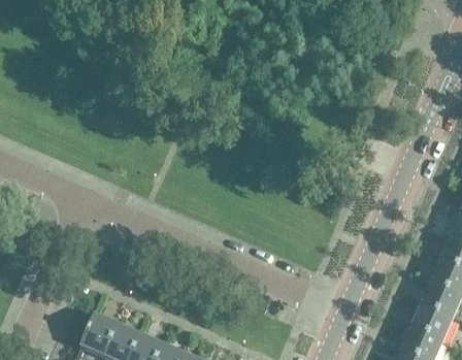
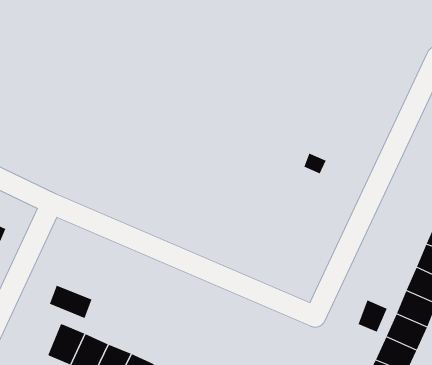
building: none -> [49,285,92,319]
building: none -> [358,300,388,333]

